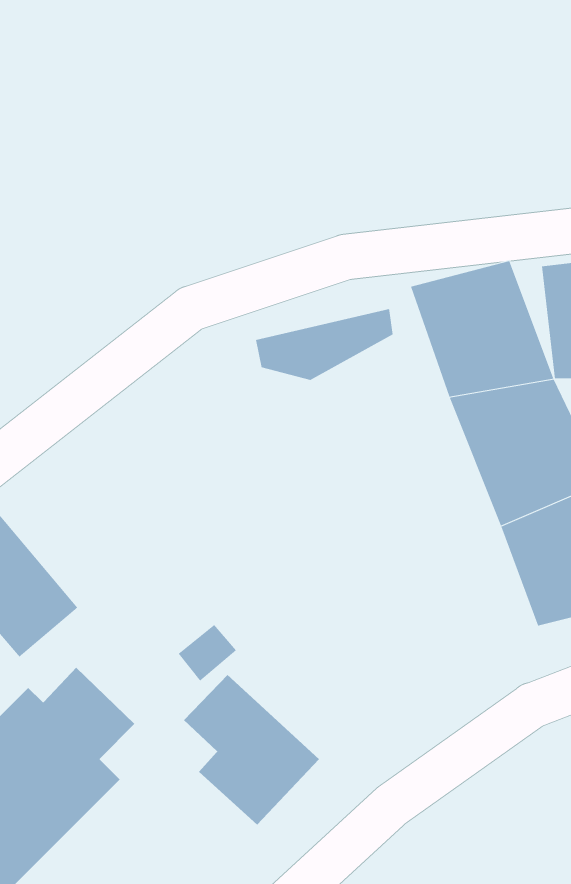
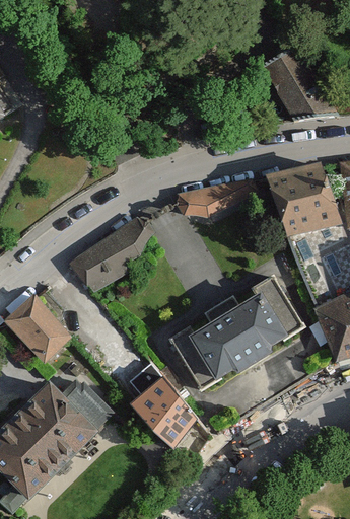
building: none -> [258,39,334,114]
building: none -> [68,218,155,287]
building: none -> [167,271,298,379]

